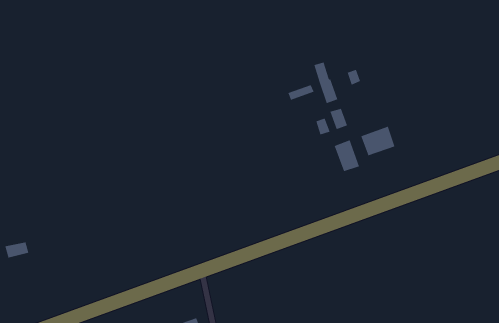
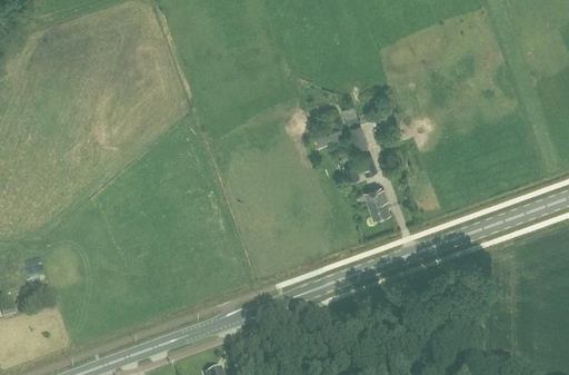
building: [360,126,395,156] -> none

